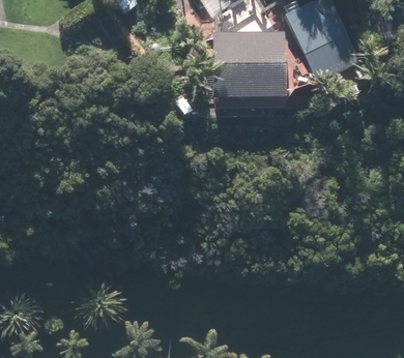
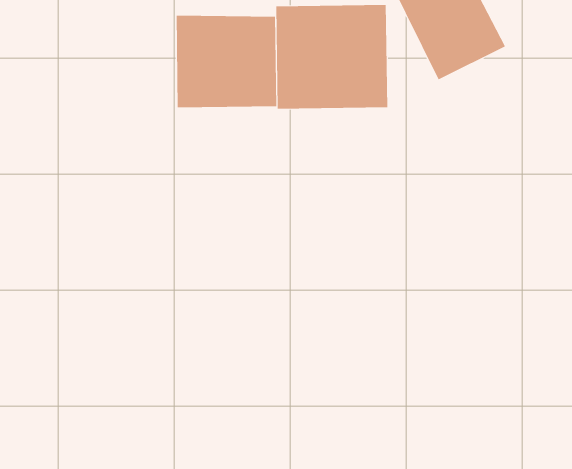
building: none -> [176,15,277,108]

